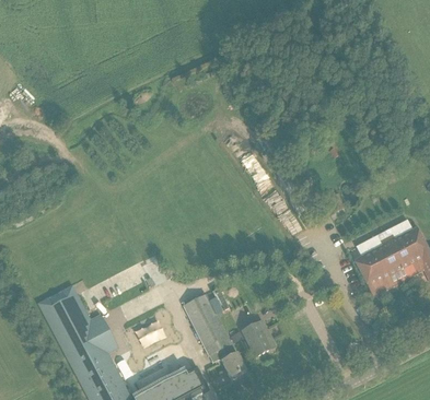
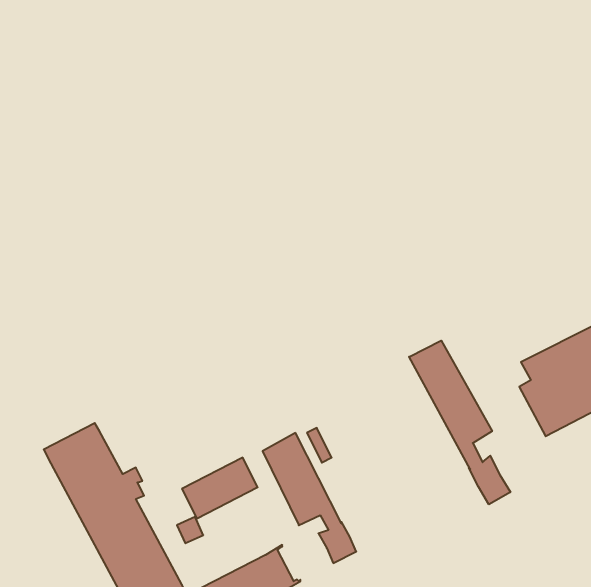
building: none -> [409,341,510,504]
building: [243,322,271,356] -> none

